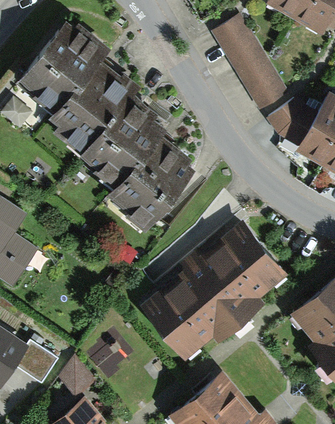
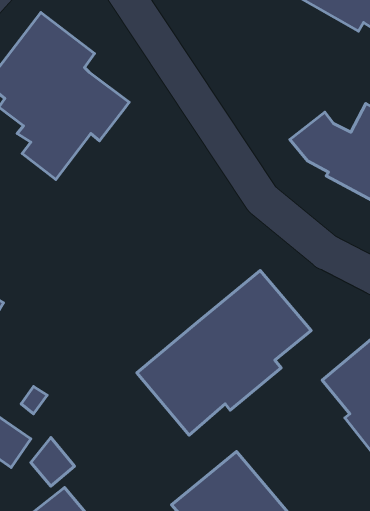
building: [213,18,286,110] -> none
building: [79,94,193,231] -> none

